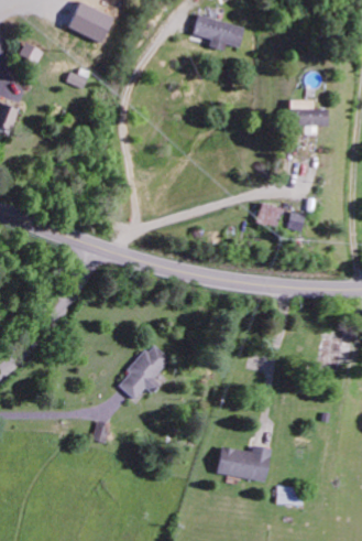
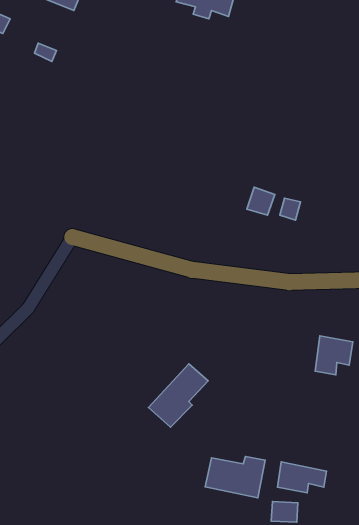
building: [289,99,328,134] -> none
building: [117,344,171,401] -> [148,364,208,427]
building: none -> [277,462,326,493]

